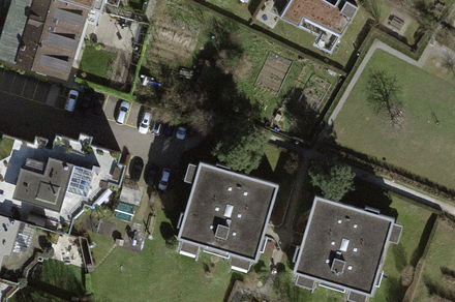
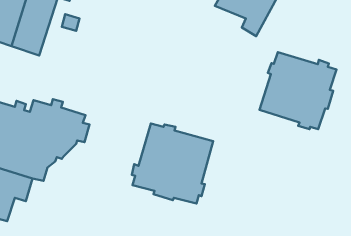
building: none -> [260,52,337,129]
building: [293,195,393,295] -> none

